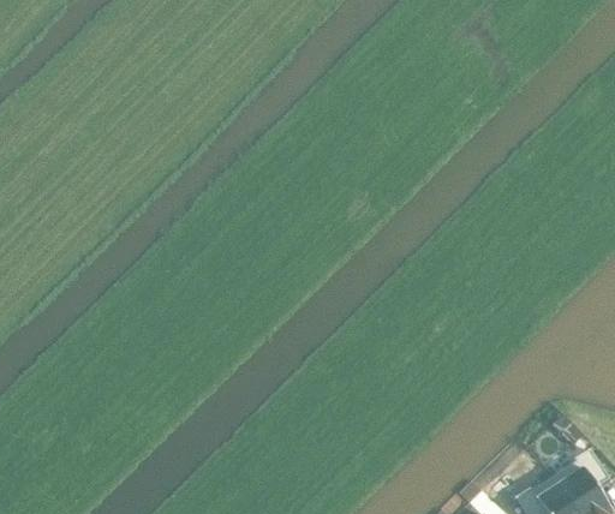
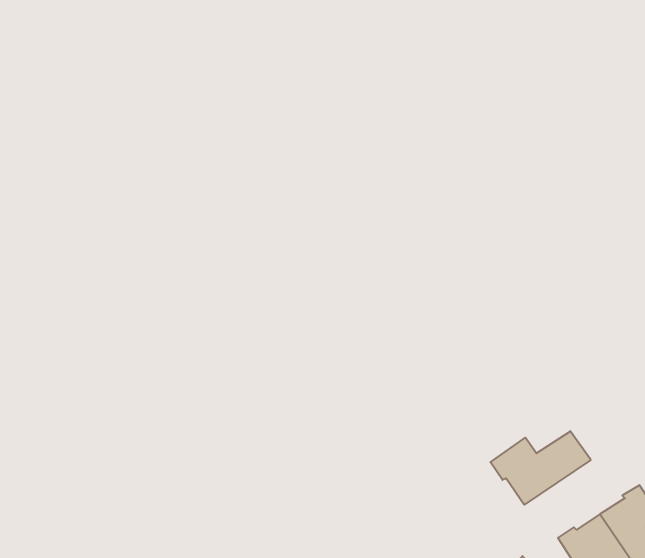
building: none -> [490,431,591,505]

